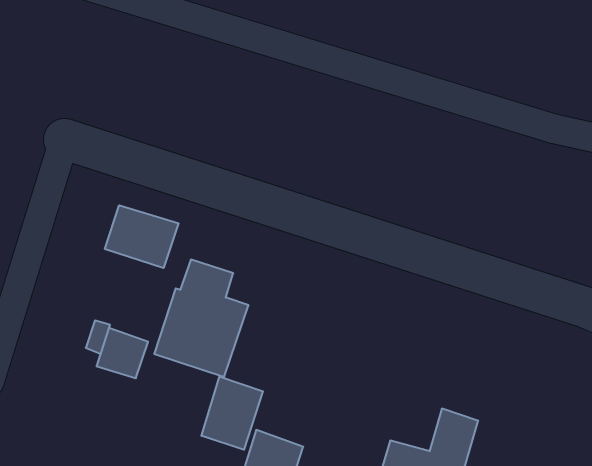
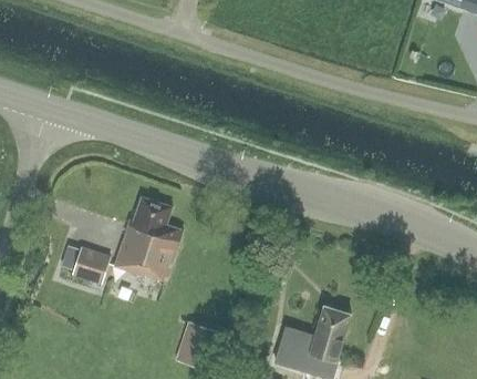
building: [105,205,179,268] -> none
building: [201,376,263,450] -> none

